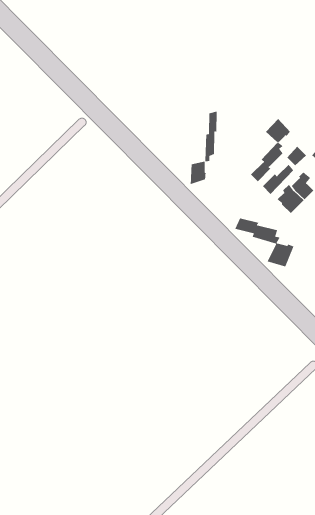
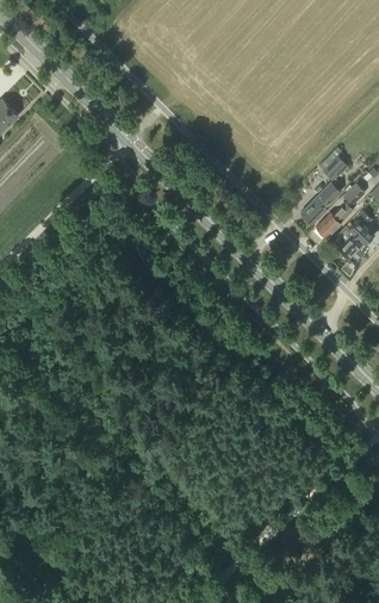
building: [190,110,218,185] -> none
building: [234,217,294,268] -> none

